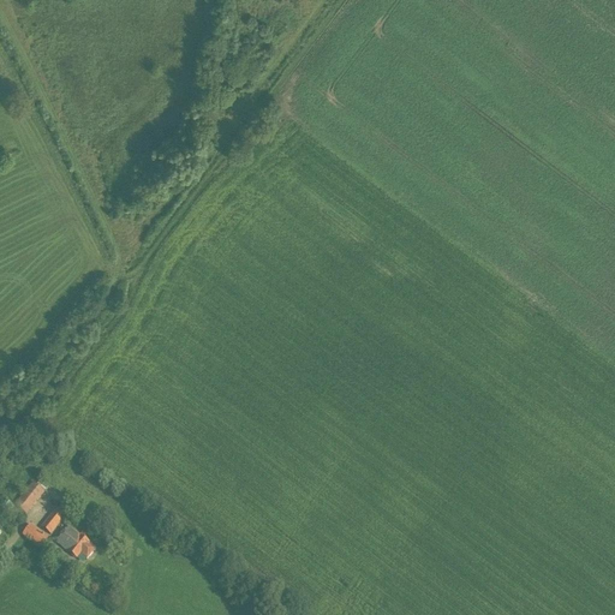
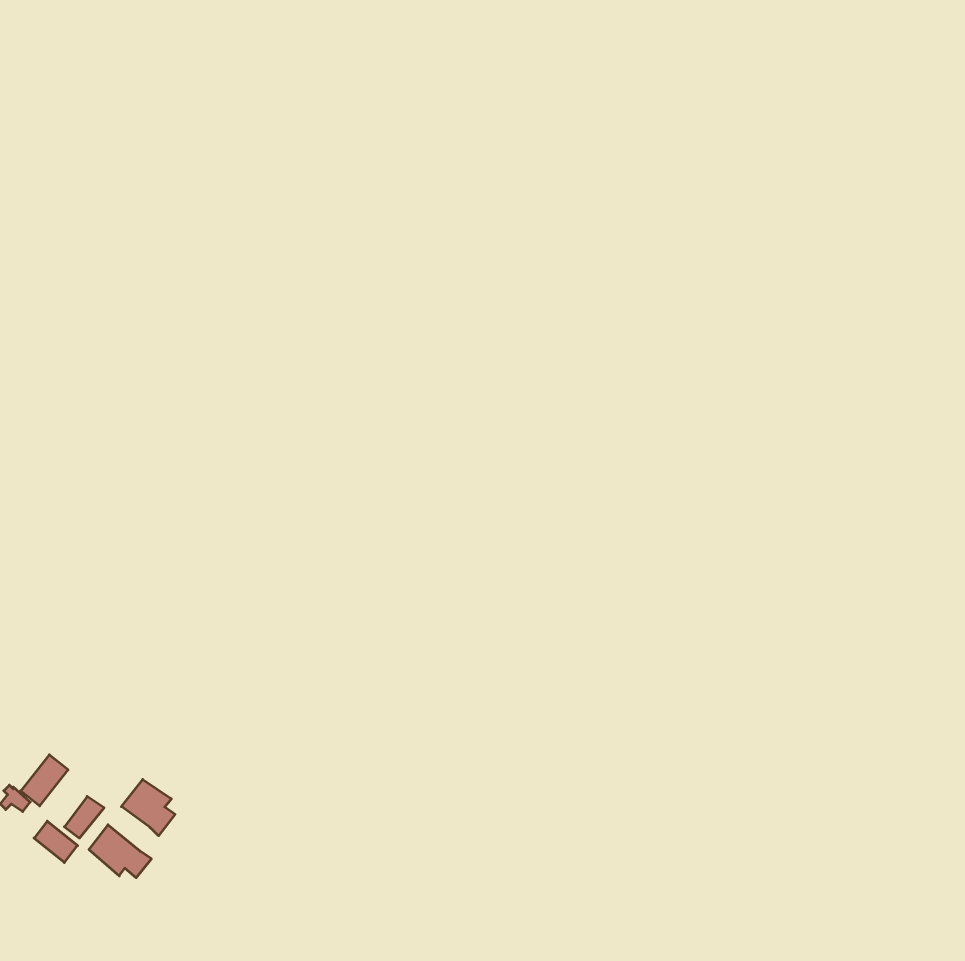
building: none -> [121,779,175,836]

